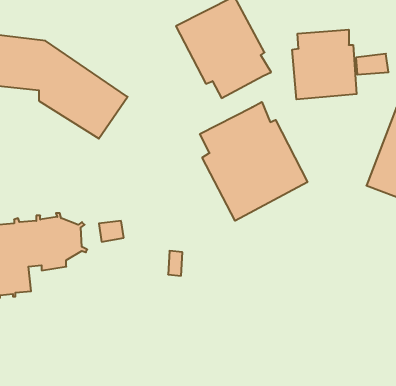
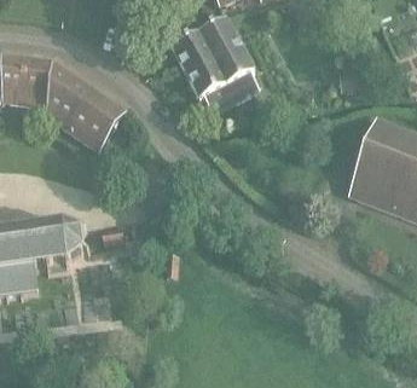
building: [292,30,357,99] -> none
building: [200,102,307,221] -> none

